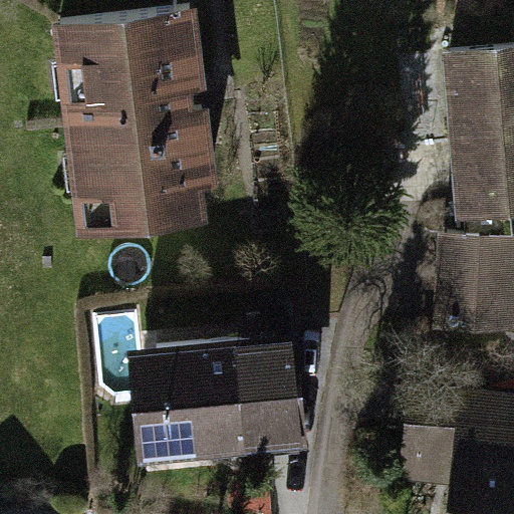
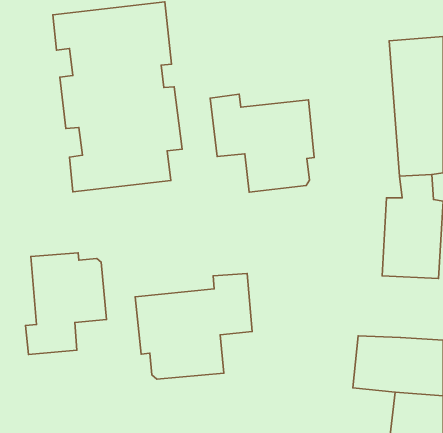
building: none -> [210,94,314,192]
building: none -> [26,253,106,355]

